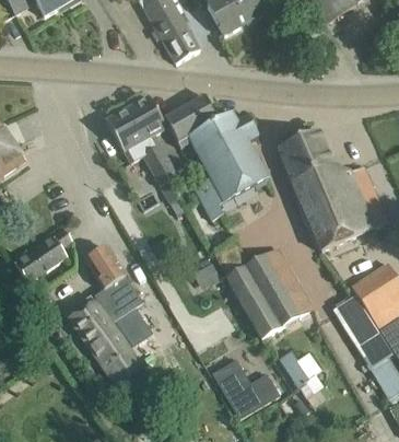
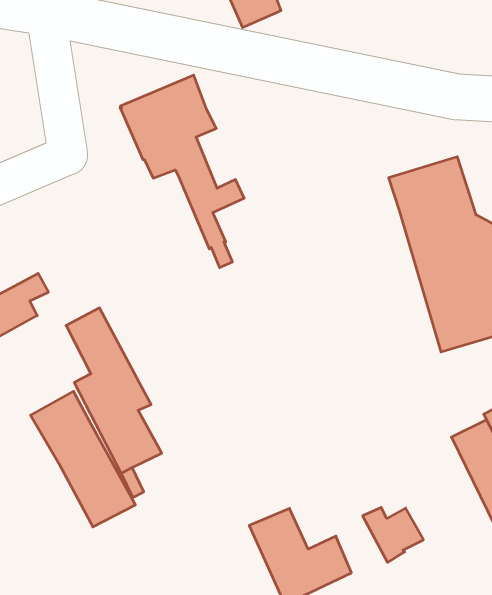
building: [164,94,265,219] -> none
building: [213,241,313,338] -> none

